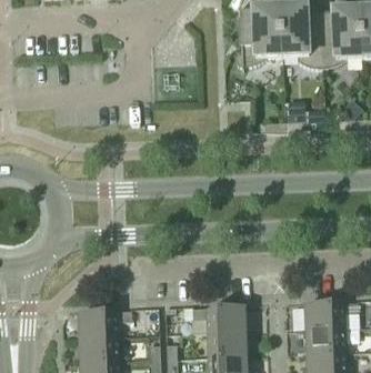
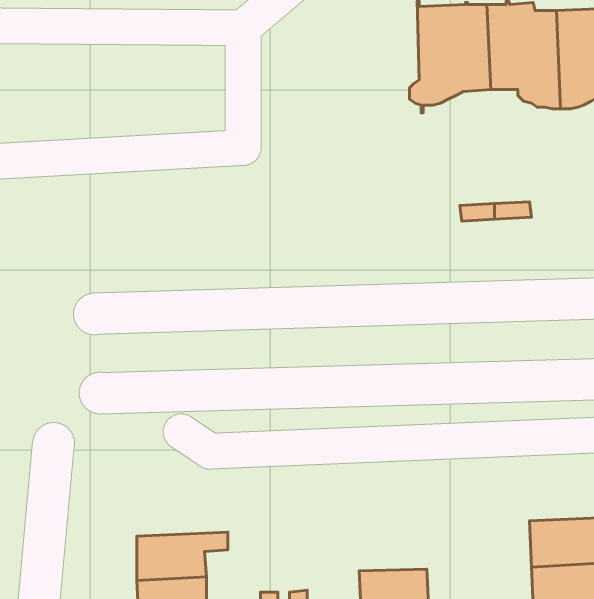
building: [192,303,245,330] -> none

